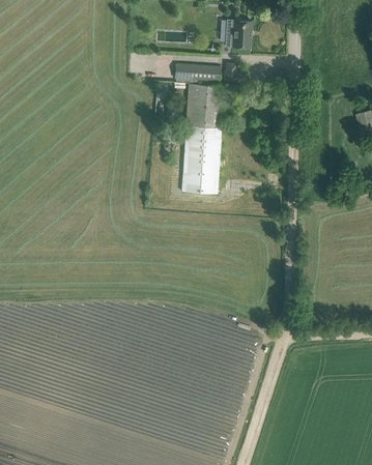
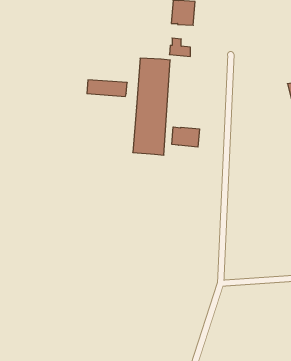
building: [175,63,221,82] -> [87,80,127,96]
building: none -> [172,127,199,147]

